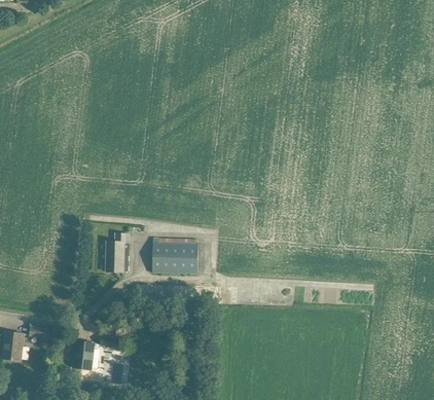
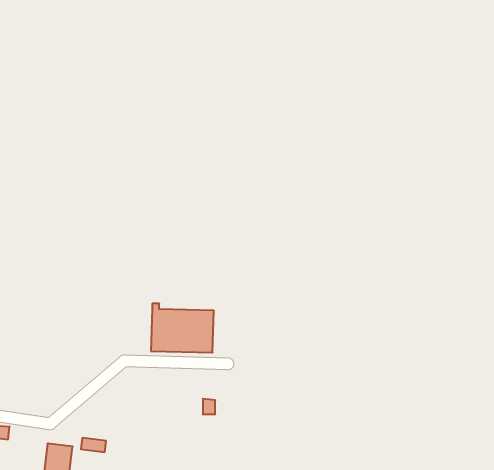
building: [106,233,130,271] -> none

